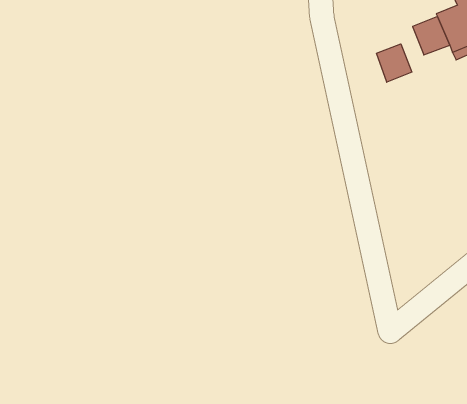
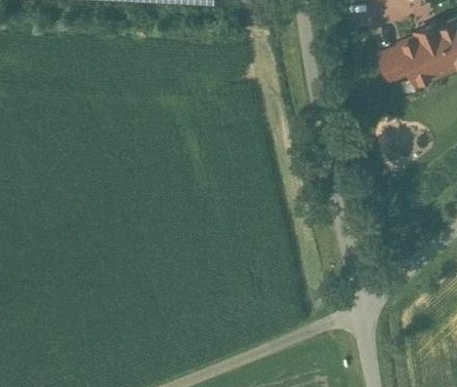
building: [377,44,412,82] -> none

